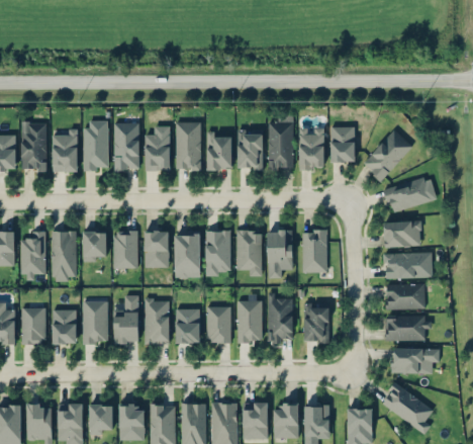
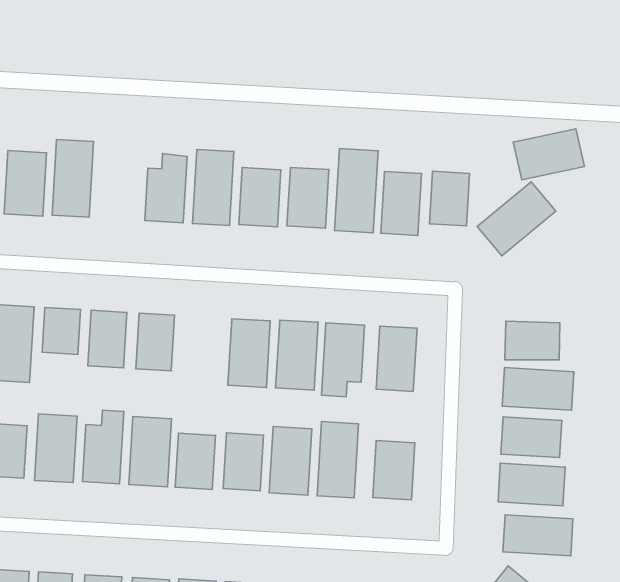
building: [114,122,138,170] -> none
building: [383,177,431,212] -> [513,129,584,180]
building: [175,233,200,276] -> none

